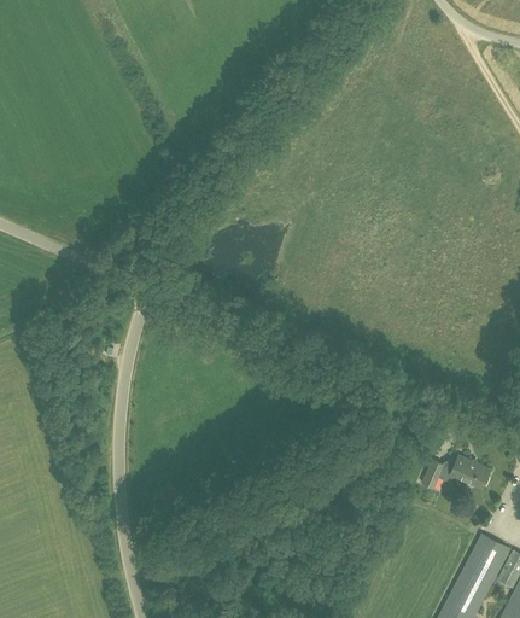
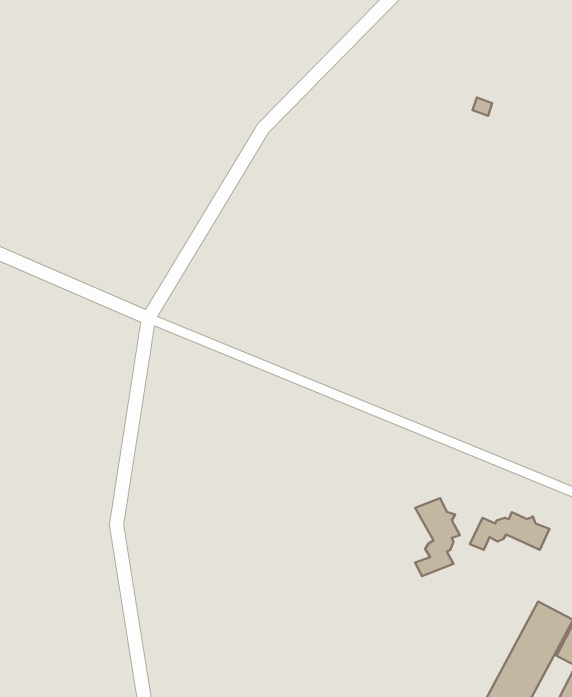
building: none -> [415,498,460,576]

